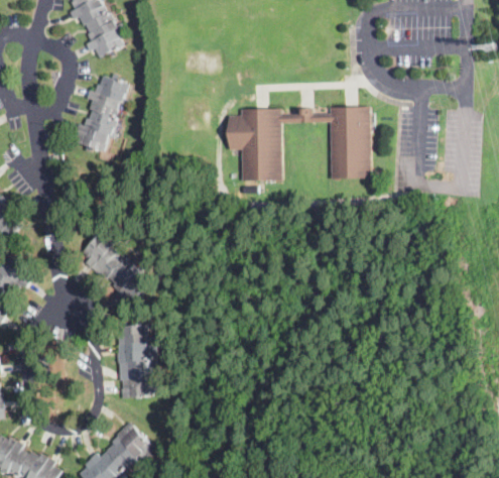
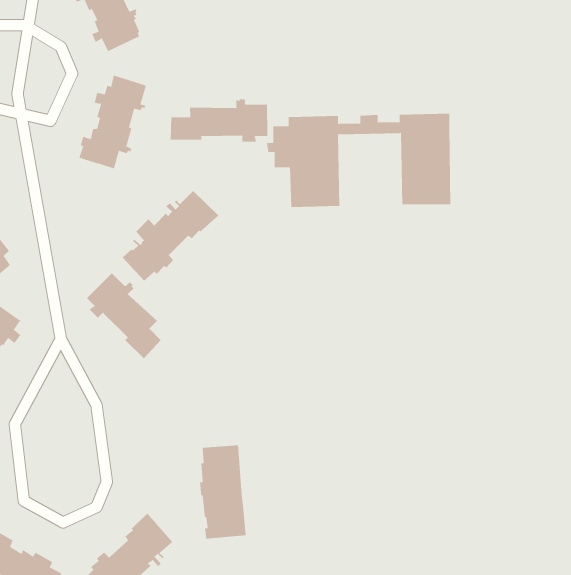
building: none -> [170,98,268,143]
building: none -> [122,190,219,281]
building: [116,323,153,397] -> [199,445,246,539]

